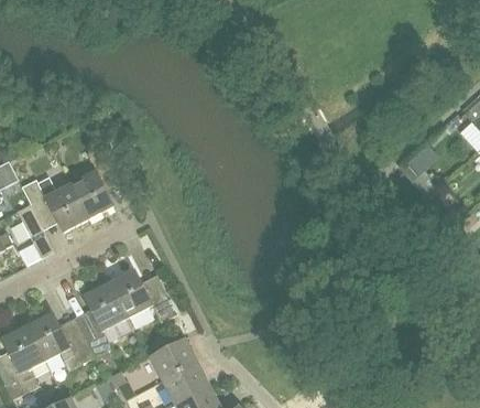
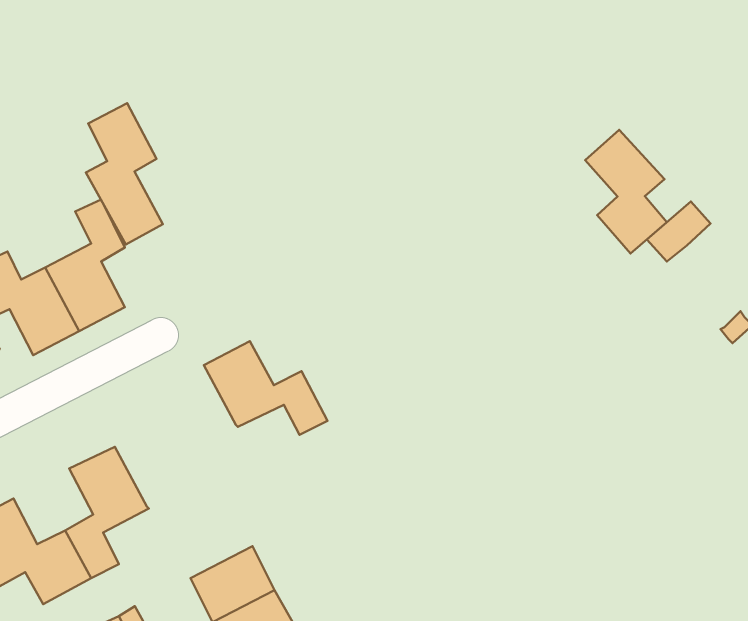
building: none -> [86,103,163,245]
building: none -> [585,130,667,254]
building: [108,269,176,321] -> [204,341,328,435]

